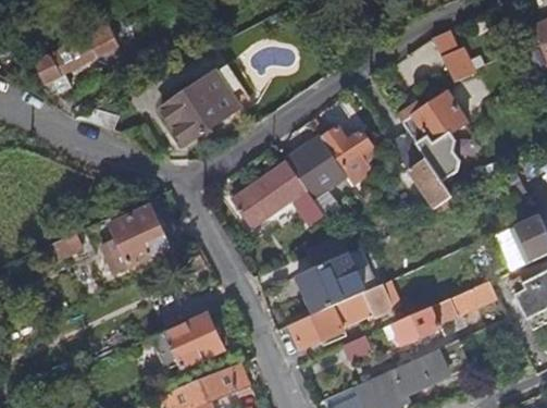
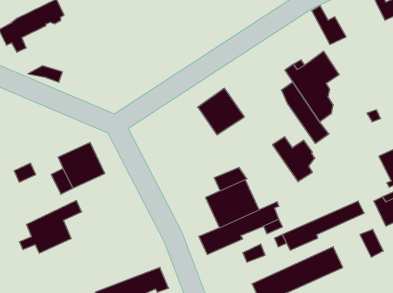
building: [160,63,251,145] -> none
building: [321,127,374,184] -> [273,137,315,182]
building: [232,162,325,230] -> none
building: [158,301,236,368] -> [19,201,82,253]

